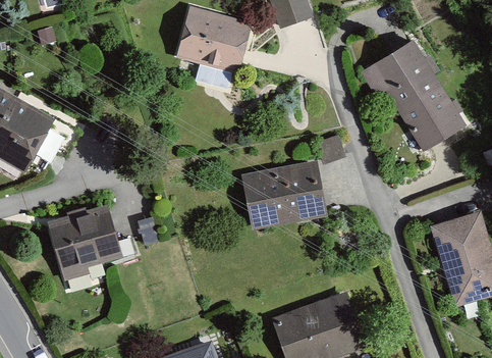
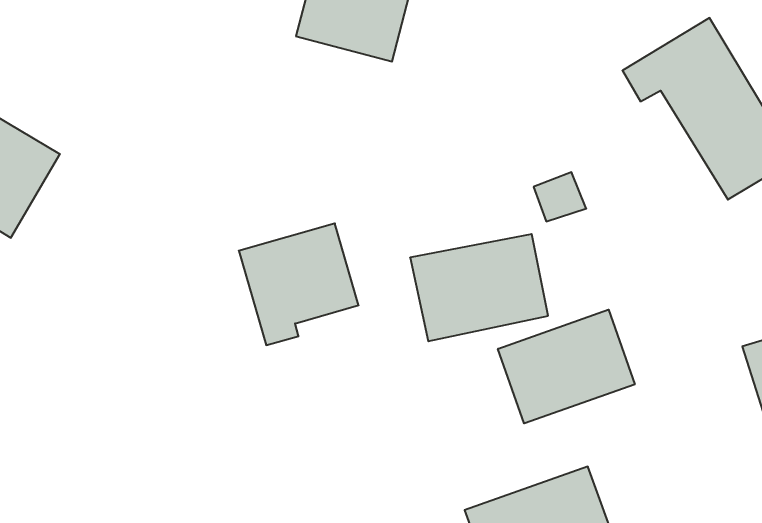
building: none -> [498,310,635,423]
building: [52,209,119,277] -> [239,223,359,345]

